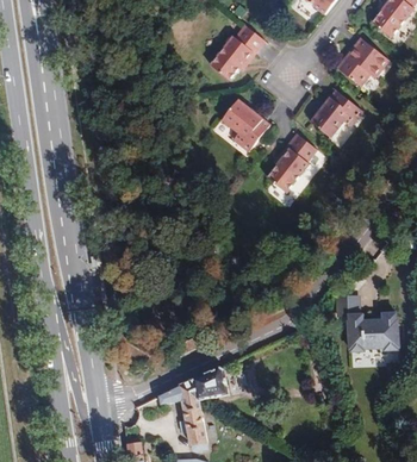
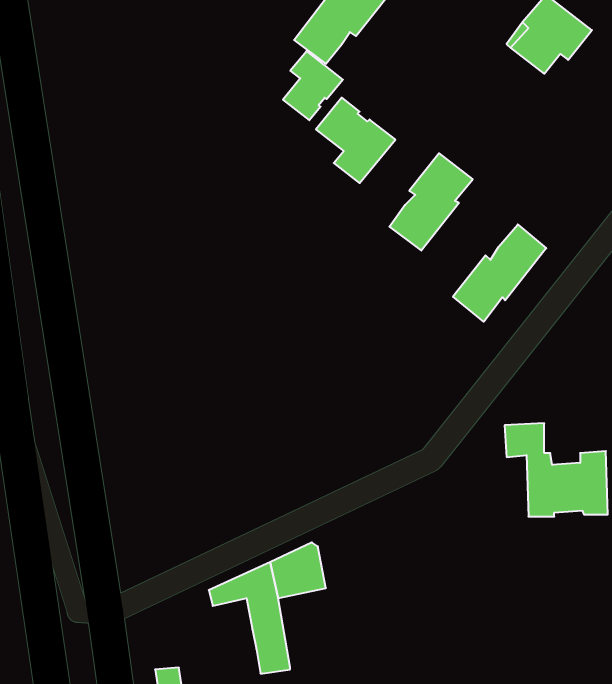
building: none -> [283,51,343,120]
building: [310,89,361,137] -> none
building: none -> [453,224,546,322]

